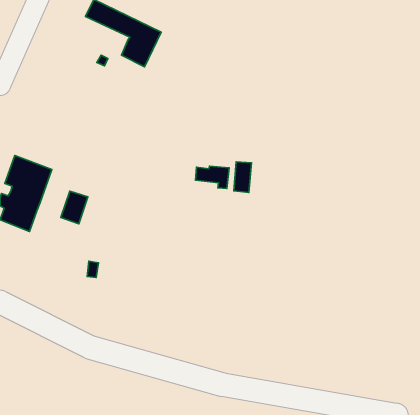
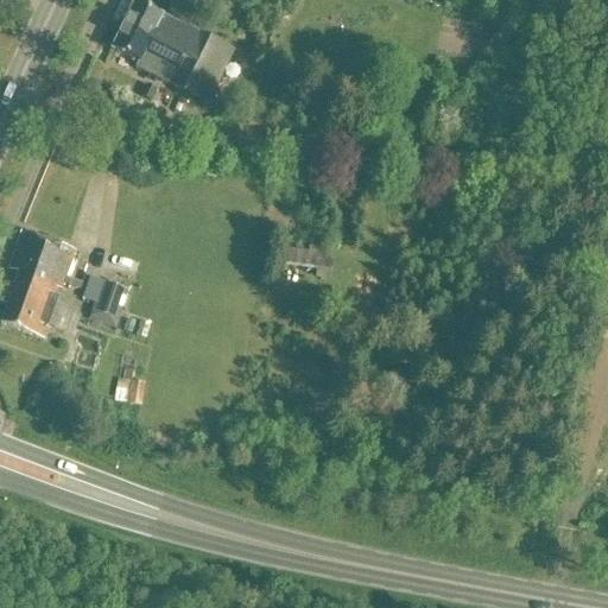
building: none -> [112,24,188,82]
building: [234,162,252,192] -> none

